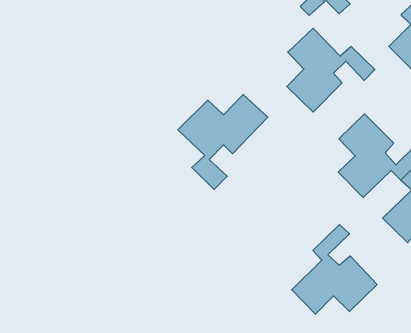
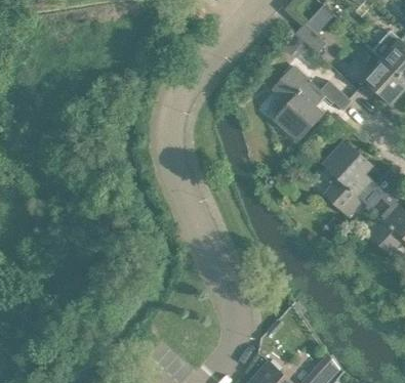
building: [178,94,268,190] -> none
building: [292,225,377,314] -> none

